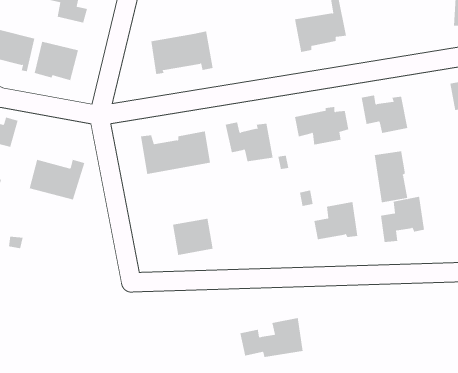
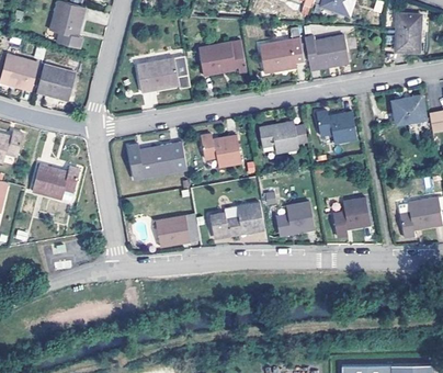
building: none -> [304,35,348,68]
building: none -> [197,41,245,76]
building: [374,150,408,203] -> none
building: [239,318,304,357] -> [208,202,263,236]

